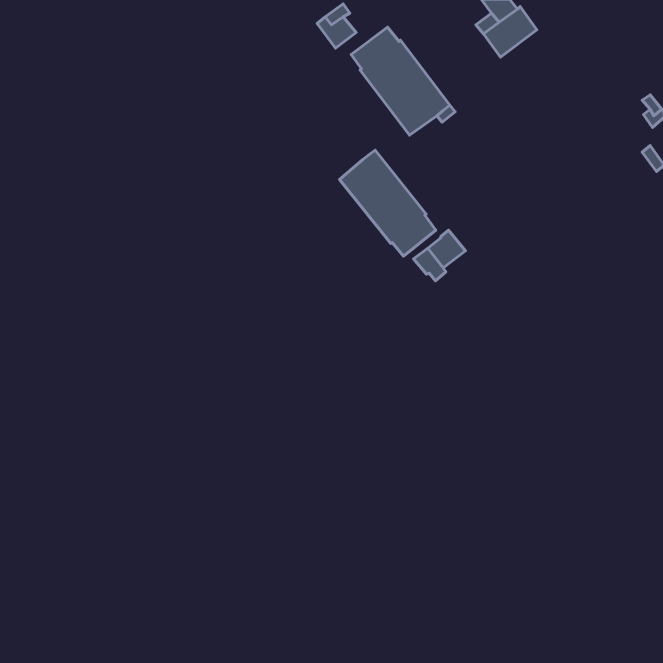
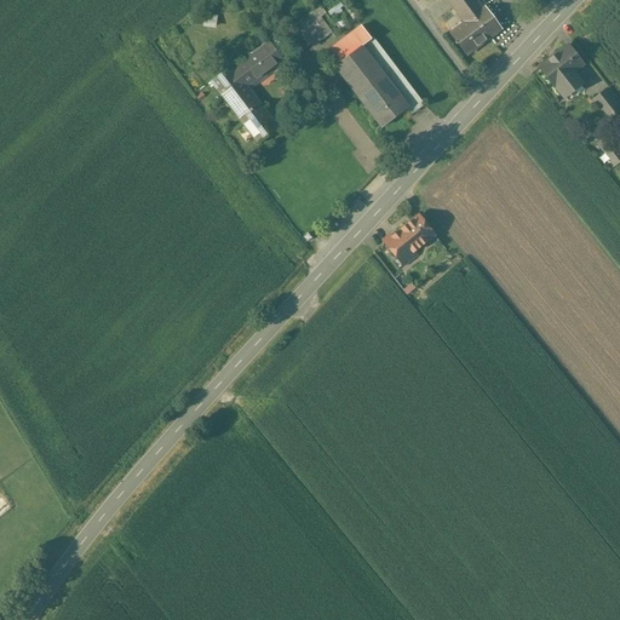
building: none -> [212,40,285,142]
building: none -> [540,44,584,96]
building: [340,150,436,256] -> none

